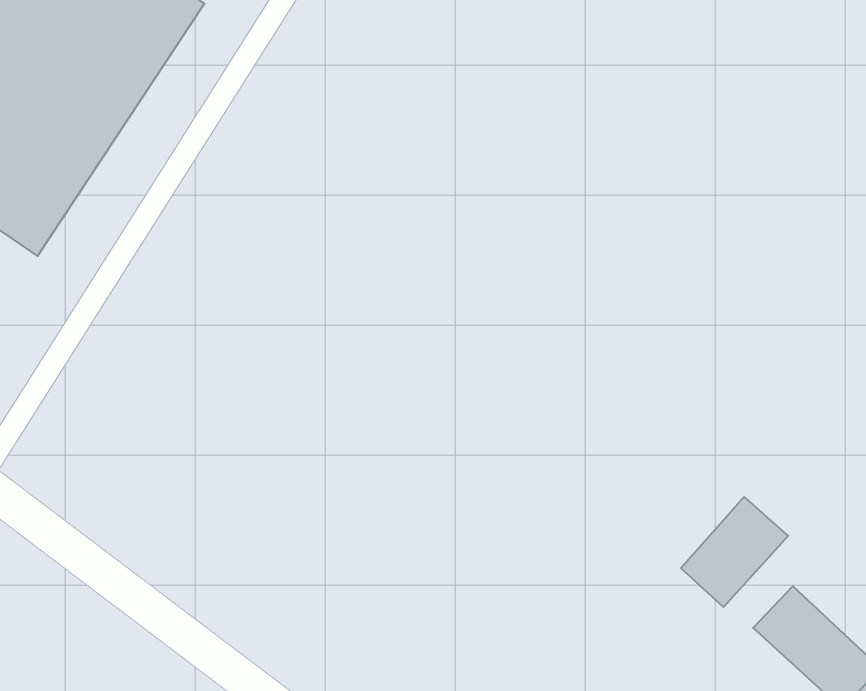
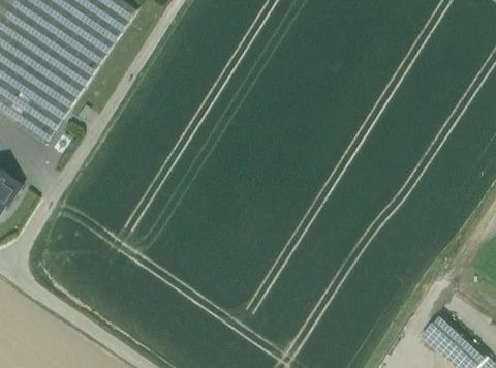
building: [681,497,788,607] -> none

